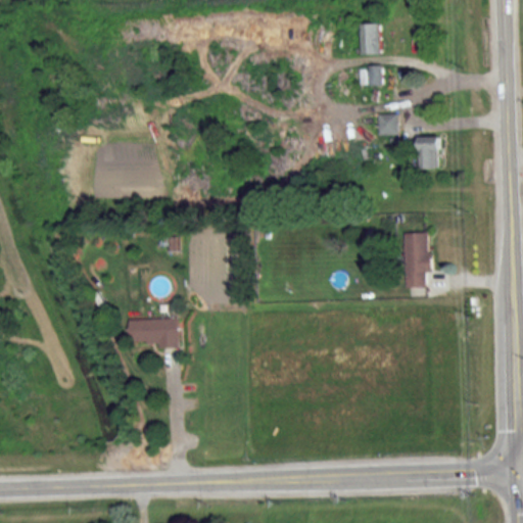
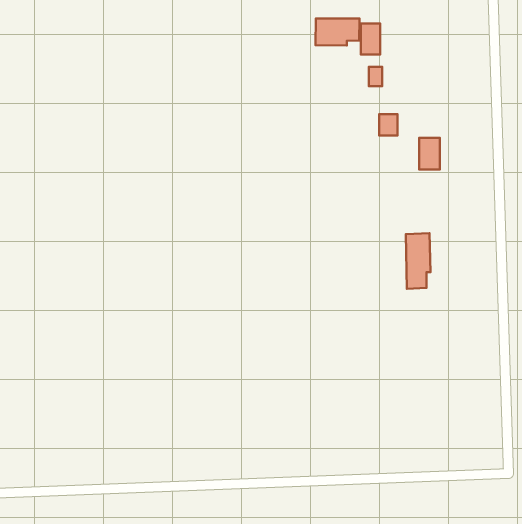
building: none -> [316,19,360,45]
building: [129,318,176,344] -> none

